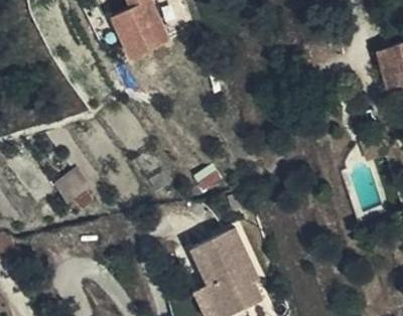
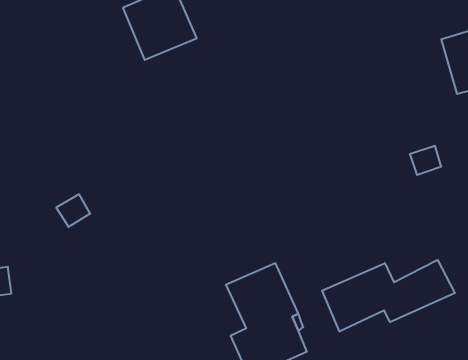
building: none -> [322,260,455,332]

